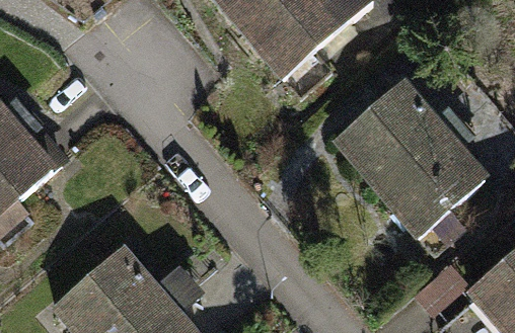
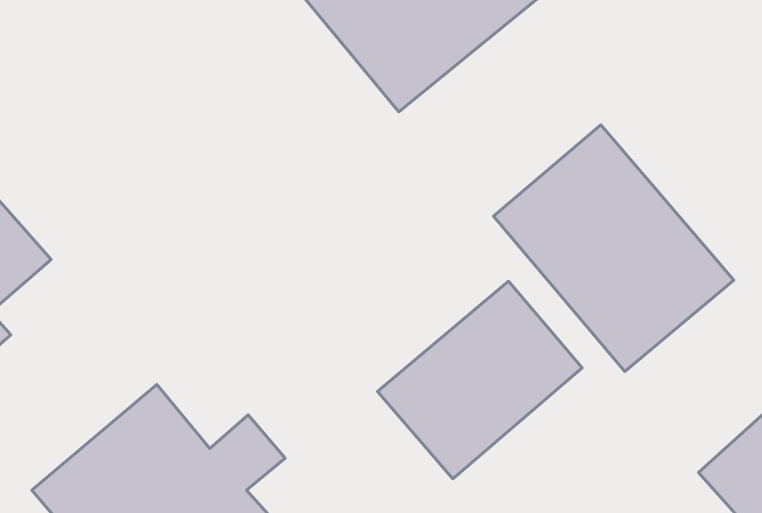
building: none -> [378,281,582,479]

